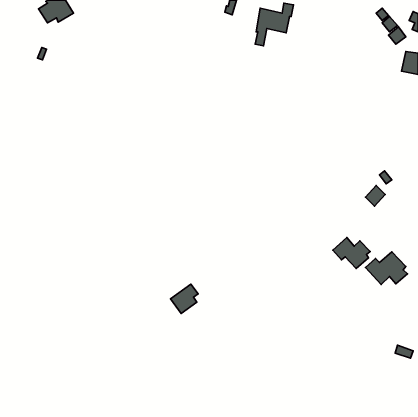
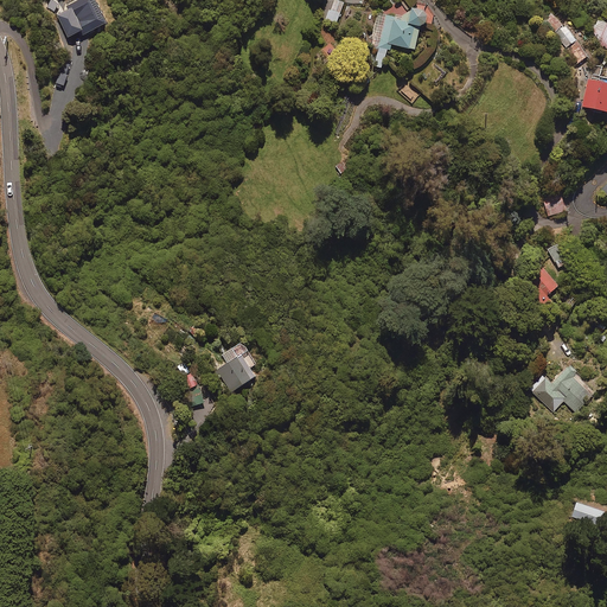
building: [333,238,370,269] -> none
building: [171,284,198,313] -> [216,349,256,391]

